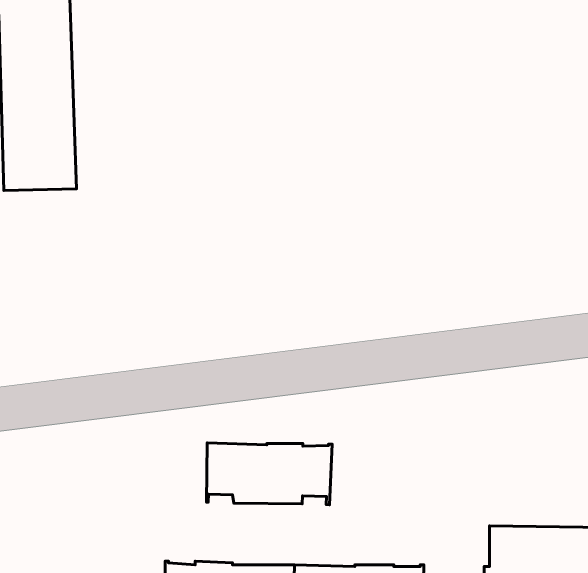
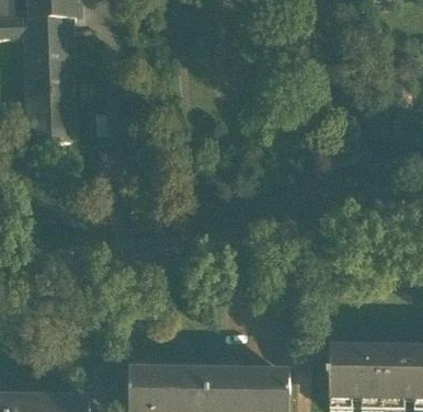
building: [206,443,332,505] -> none

